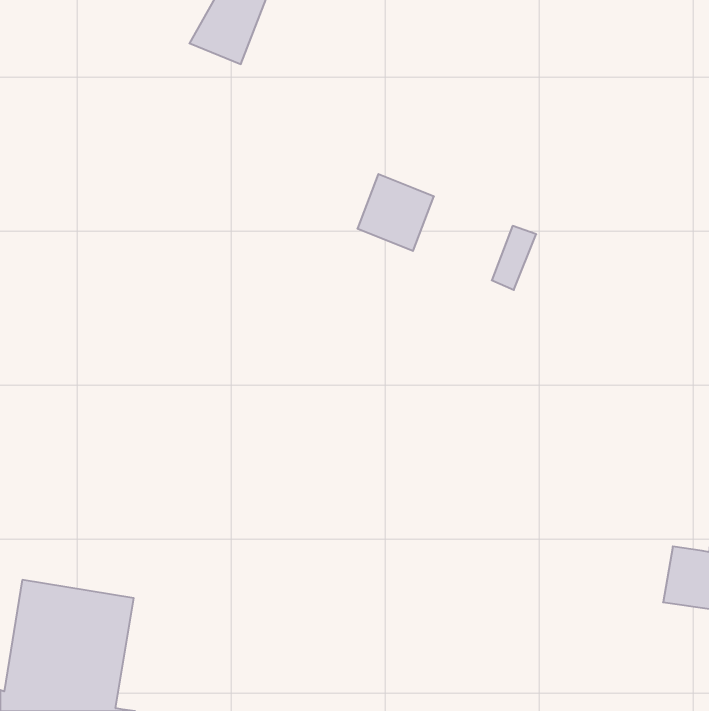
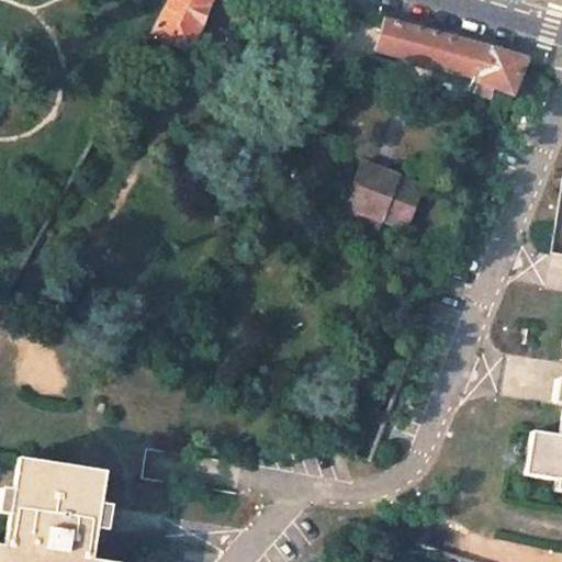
building: none -> [378,19,528,95]
building: [357,174,434,251] -> [346,160,406,221]

